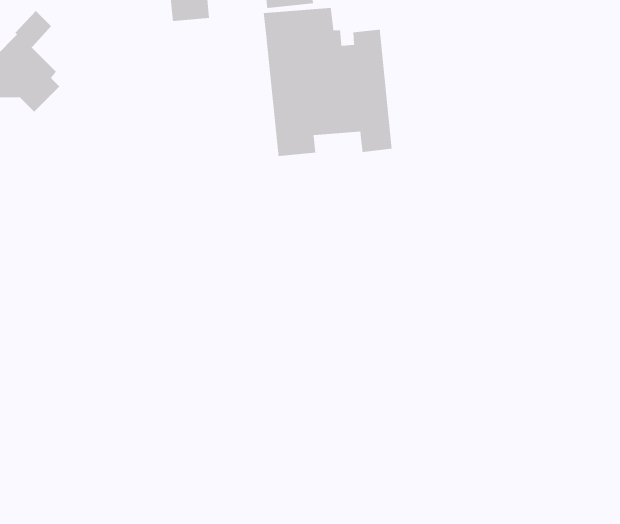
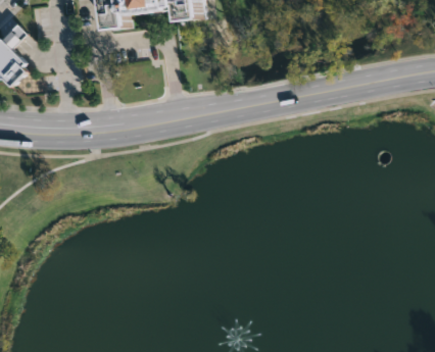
building: [263,7,392,157] -> none

